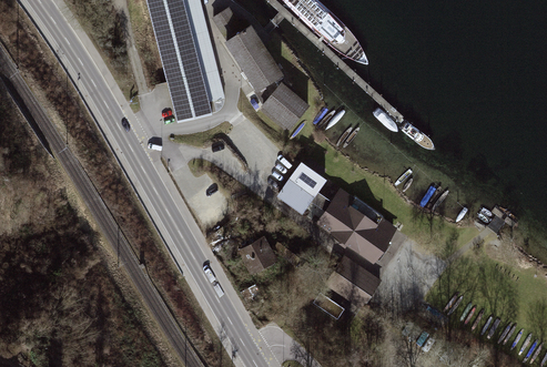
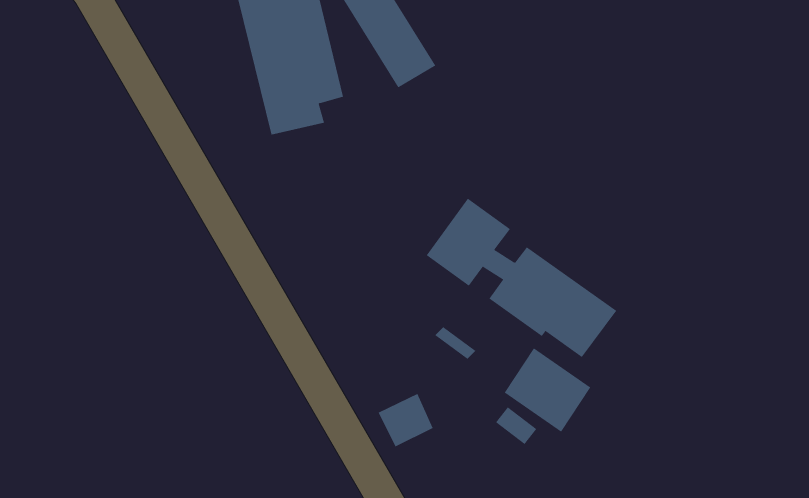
building: [263,84,307,128] -> none
building: [239,238,274,273] -> [378,393,433,447]

